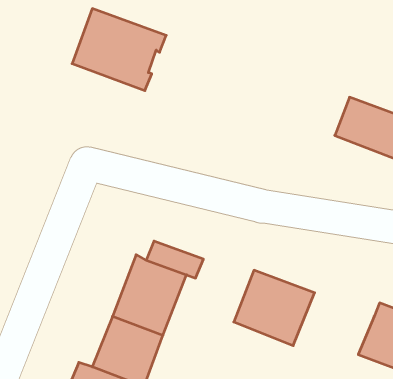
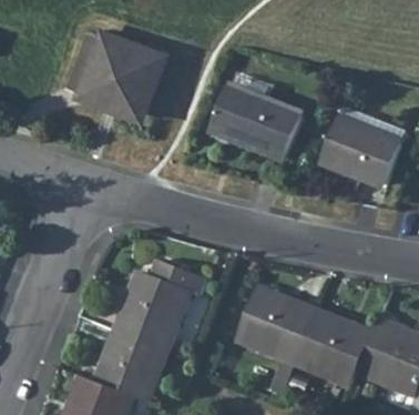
building: none -> [207,91,297,159]
building: none -> [290,312,370,386]

